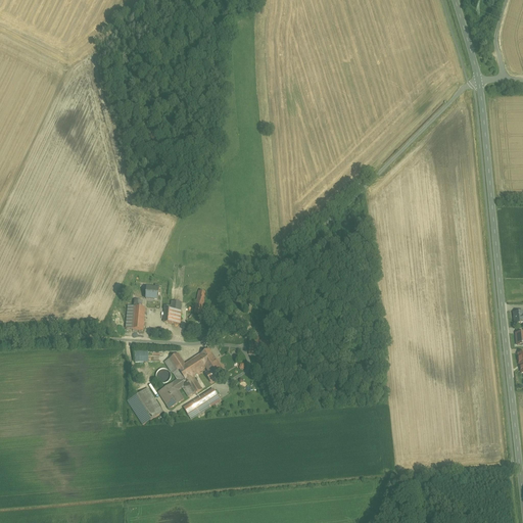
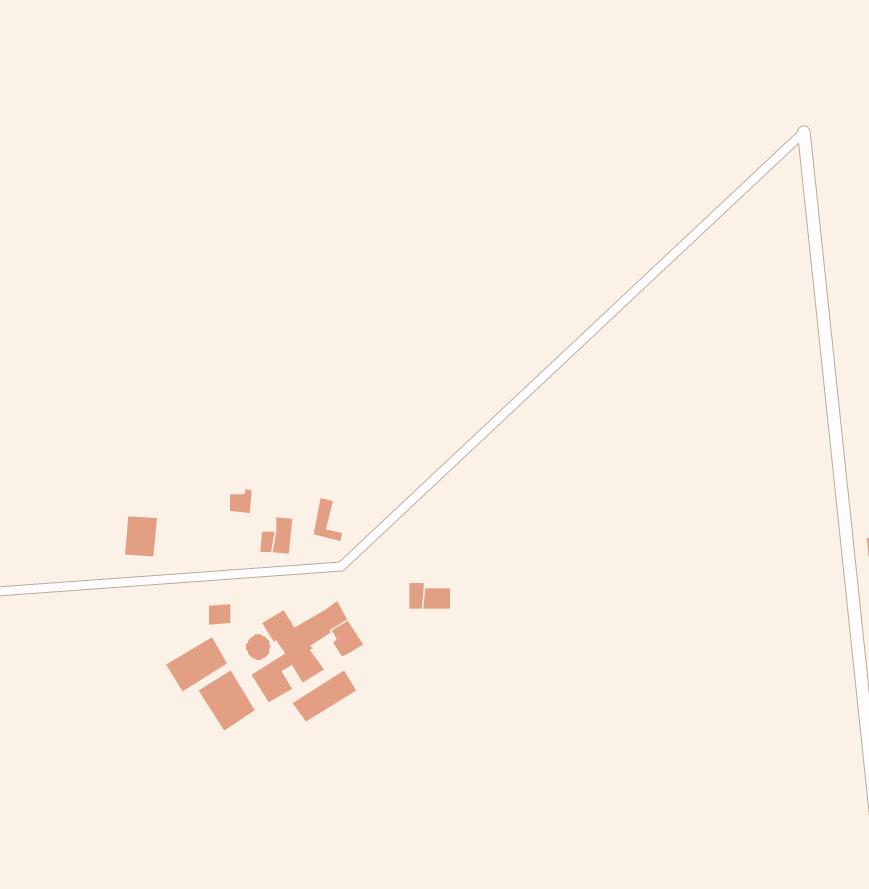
building: [125,304,144,328] -> [124,516,158,557]
building: none -> [165,636,228,693]

